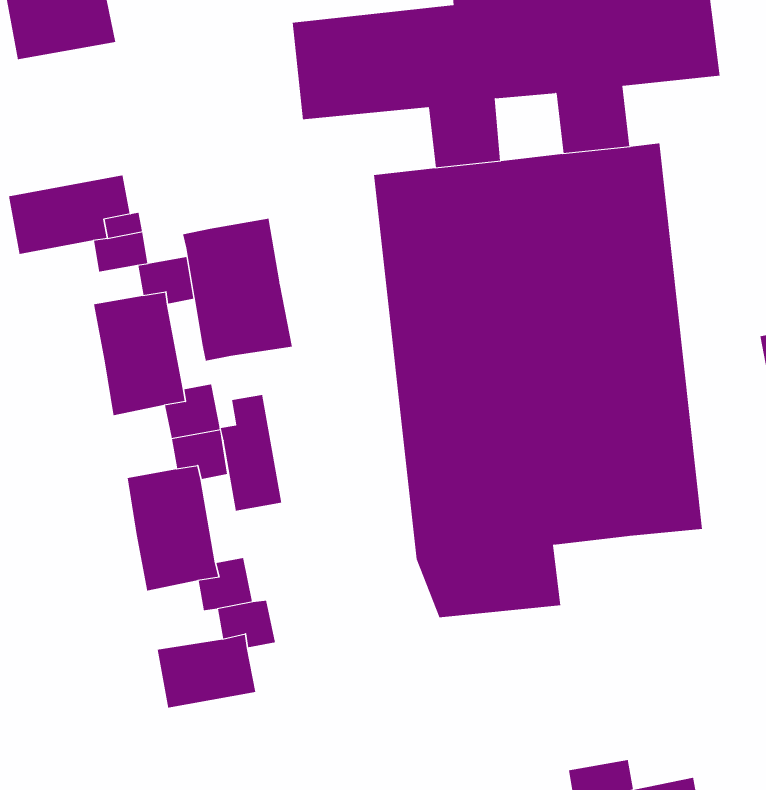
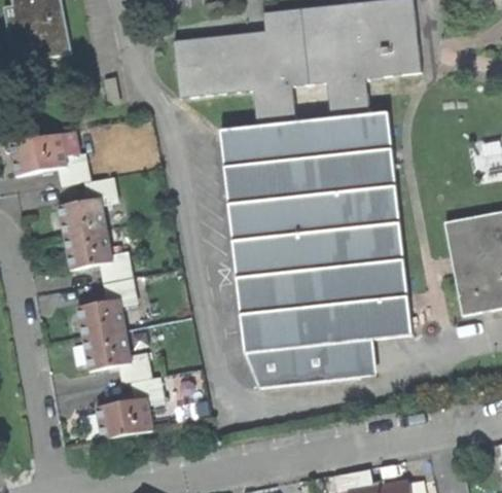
building: [183,218,293,361] -> none
building: [220,394,282,511] -> none
building: none -> [326,339,374,379]

